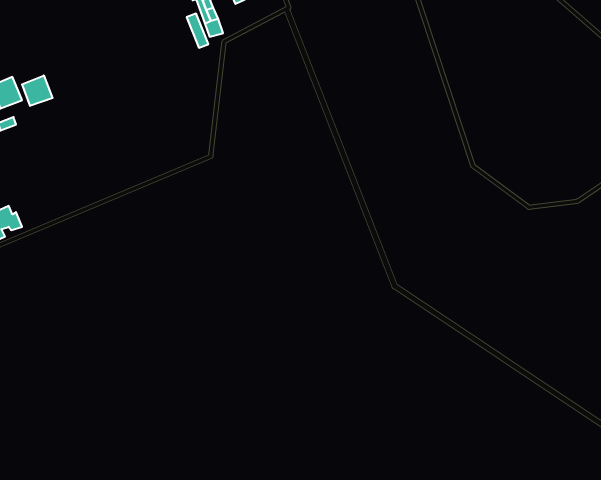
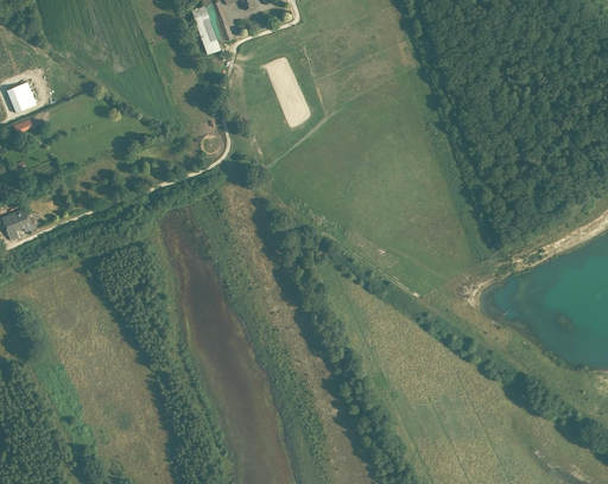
building: [22,75,53,106] -> none

